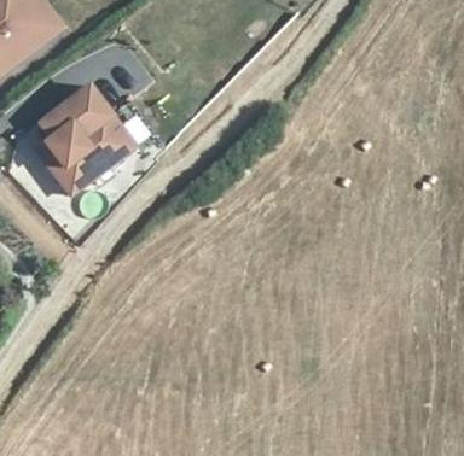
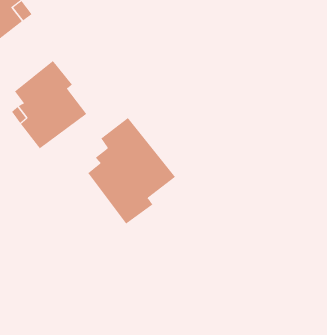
building: none -> [87,117,176,225]

